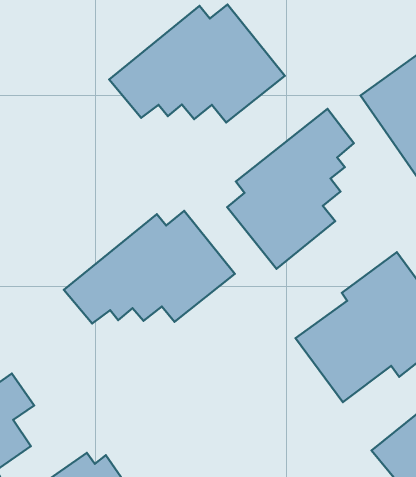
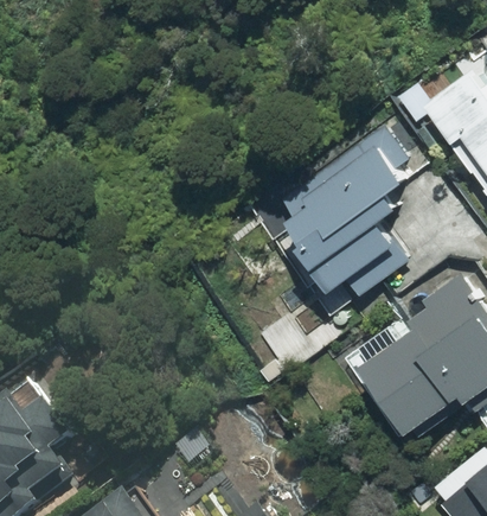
building: [109,4,285,123] -> none
building: [64,211,235,324] -> none

